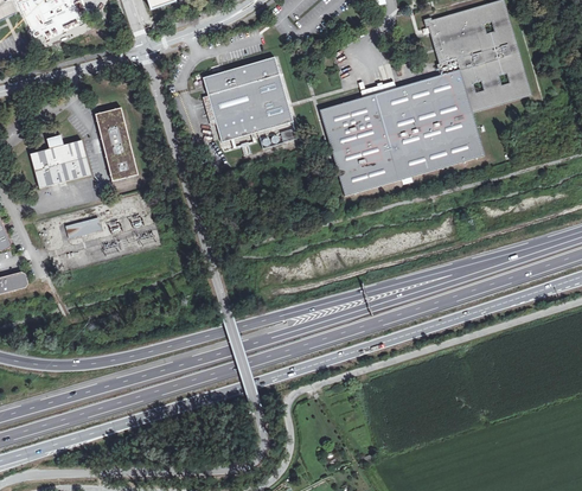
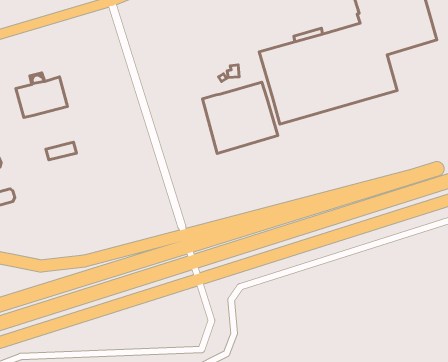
building: [203,57,293,142] -> [202,82,278,154]
building: [94,108,135,181] -> none

